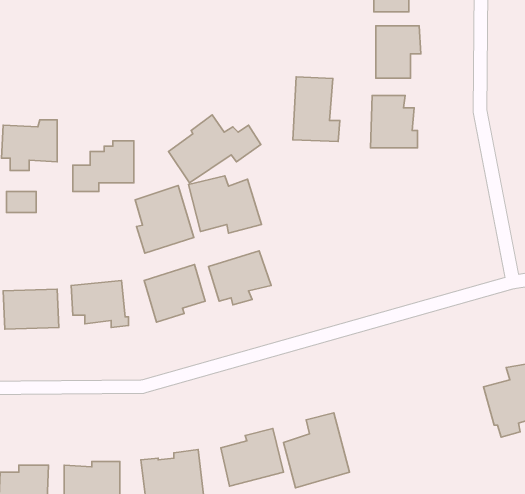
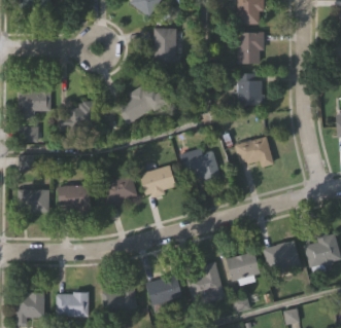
building: [293,77,340,141] -> [155,28,182,66]
building: [188,176,261,233] -> [180,148,224,182]
building: [135,186,194,253] -> none
building: none -> [235,136,274,166]
building: none -> [263,238,303,270]
building: none -> [224,248,260,283]

